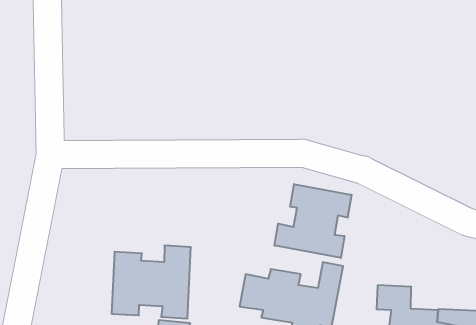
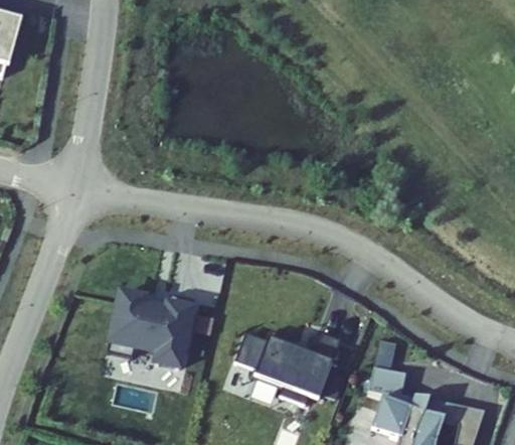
building: [275,184,352,258] -> none

